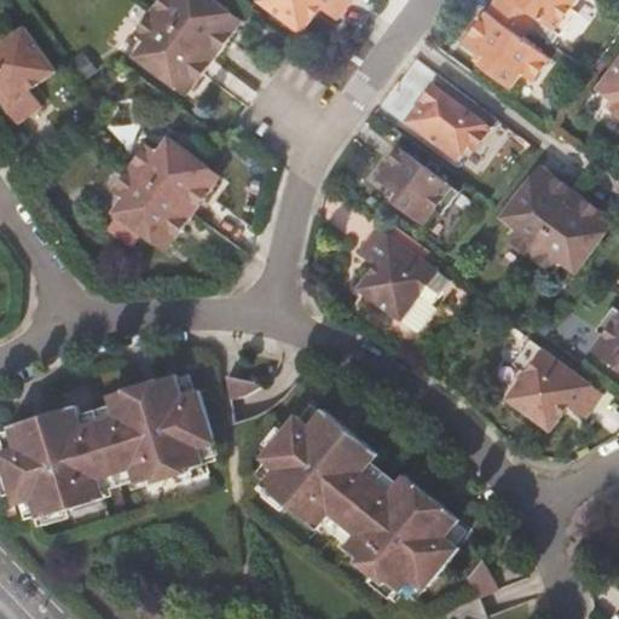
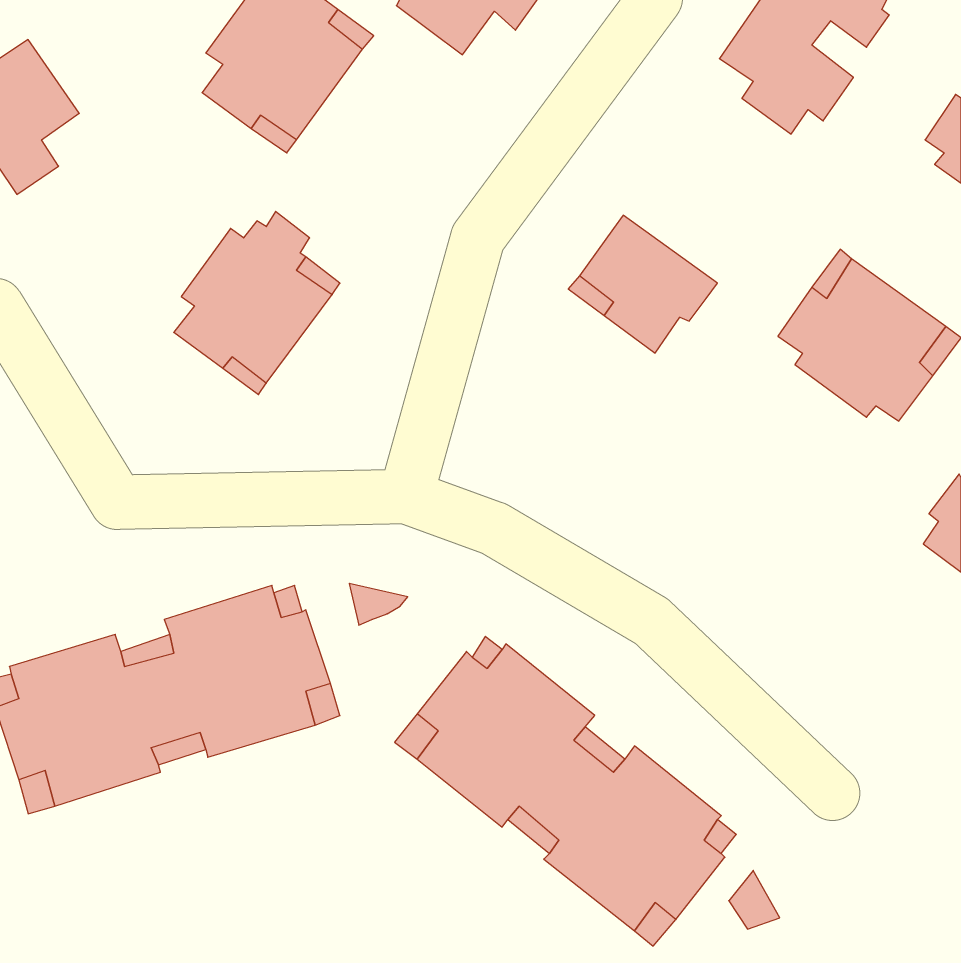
building: [405,85,486,162] -> none
building: [353,226,446,331] -> none
building: [505,336,603,429] -> none

